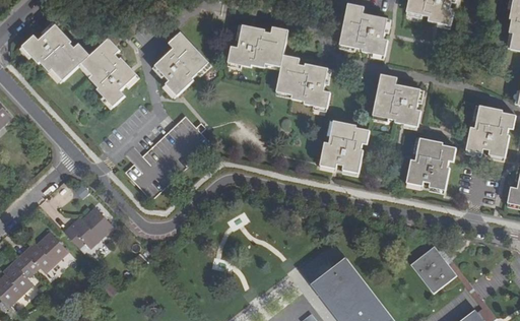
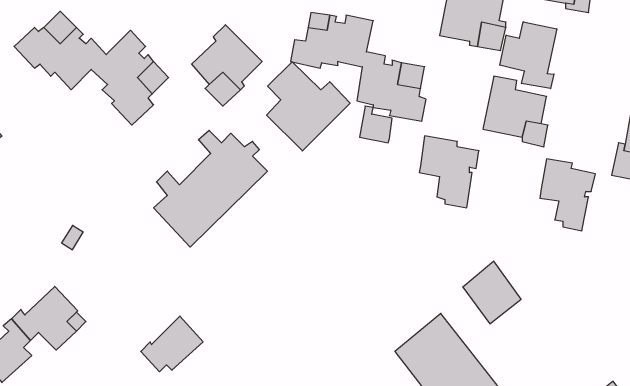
building: none -> [500,22,557,89]
building: none -> [267,62,350,151]
building: [315,140,339,168] -> [360,106,392,143]
building: [406,158,429,186] -> none
building: [65,206,112,248] -> [141,316,203,372]
building: [408,241,452,287] -> [463,261,521,324]

